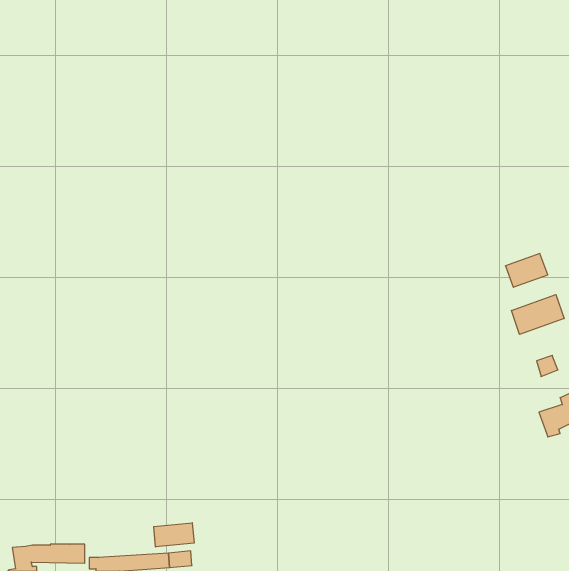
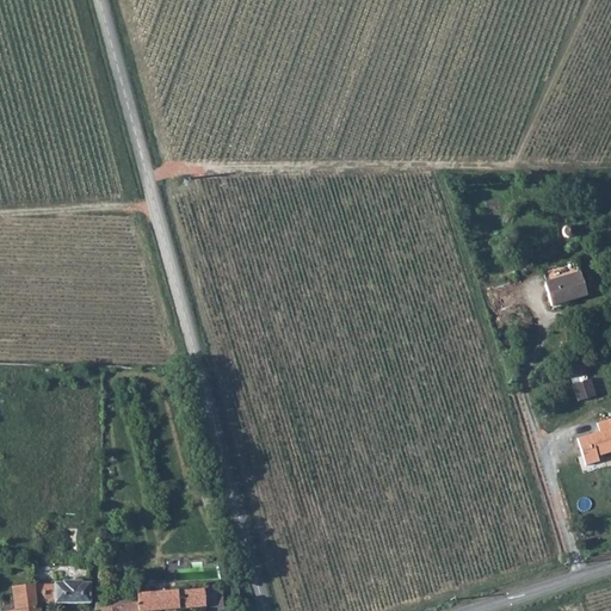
building: [511,295,564,334] -> none
building: [154,523,194,547] -> none

